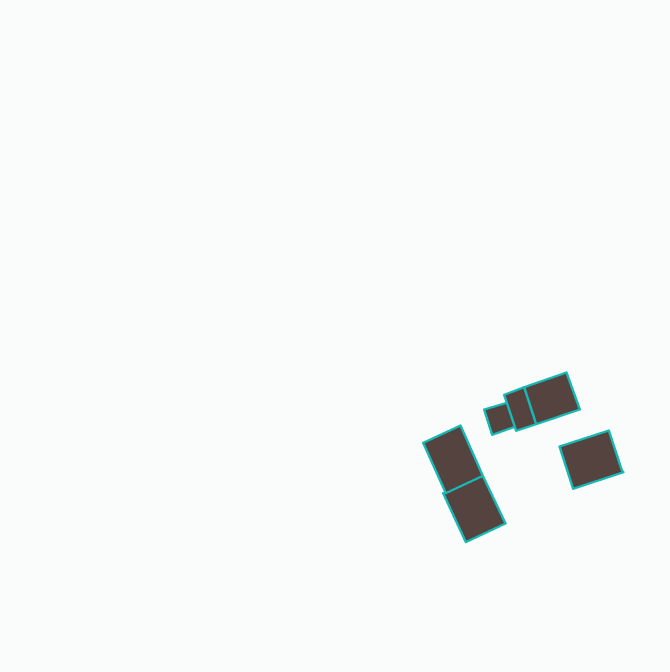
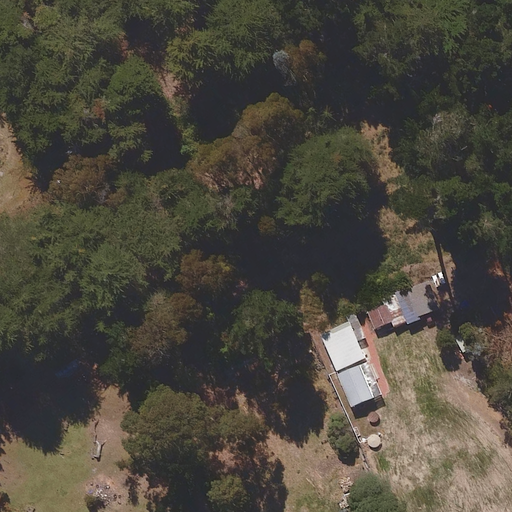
building: [559,431,624,489] -> none

